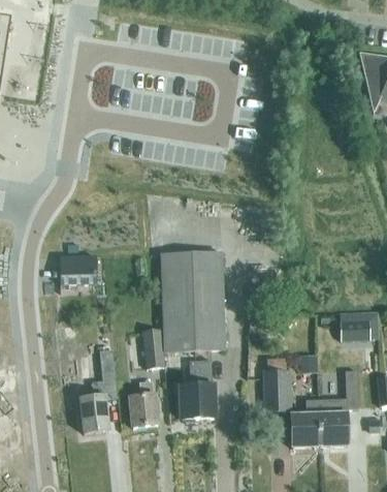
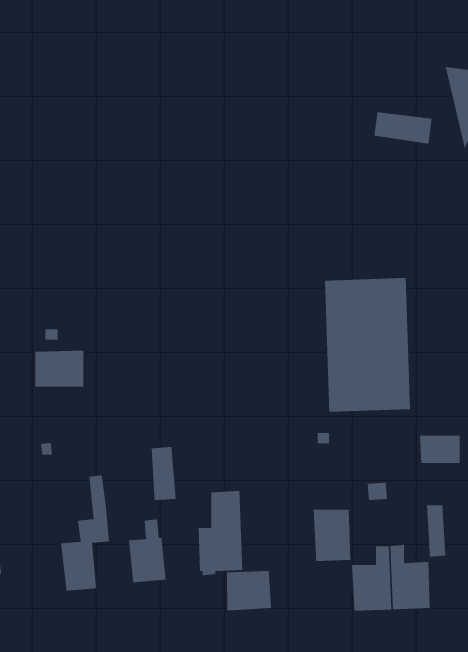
building: none -> [374,111,432,145]
building: [161,252,224,350] -> [324,278,411,412]
building: none -> [226,570,271,611]

